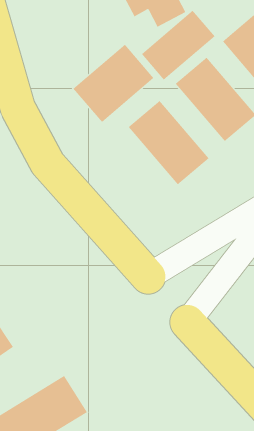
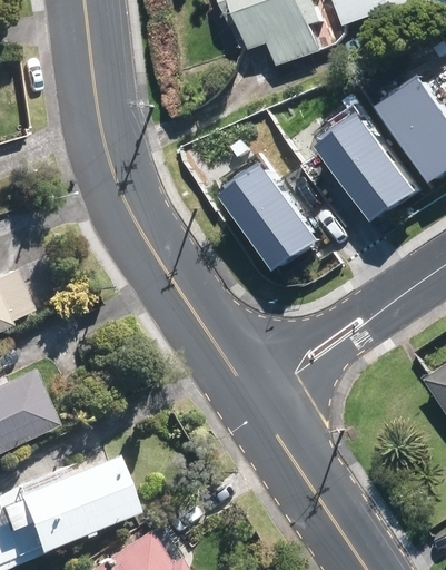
building: [141,10,215,80] -> none
building: [73,44,154,123] -> none

